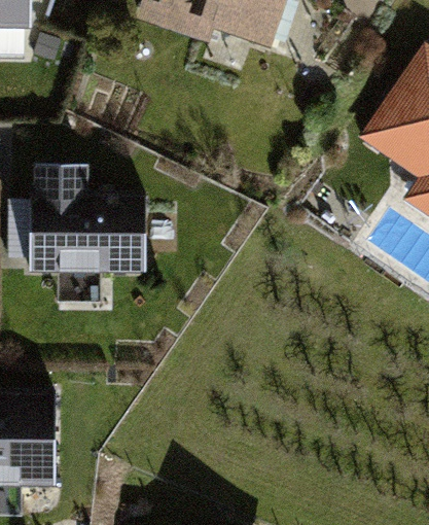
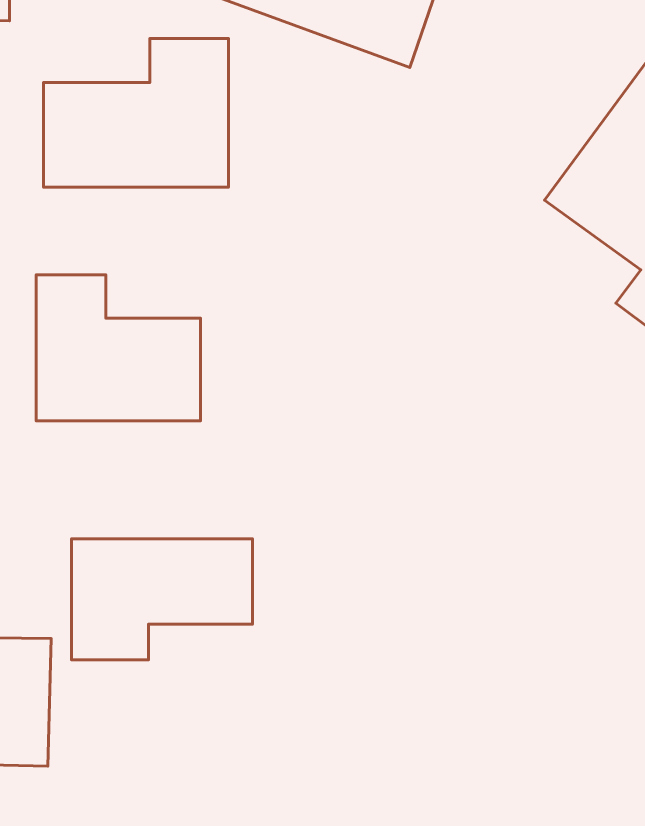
building: none -> [43,38,229,187]
building: none -> [72,539,252,660]

